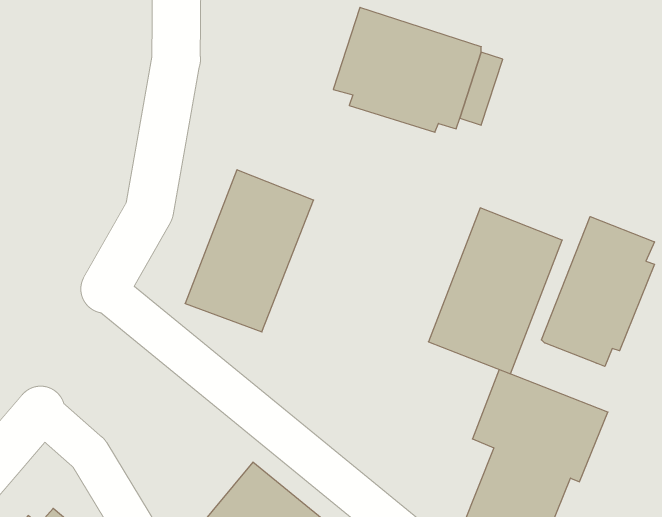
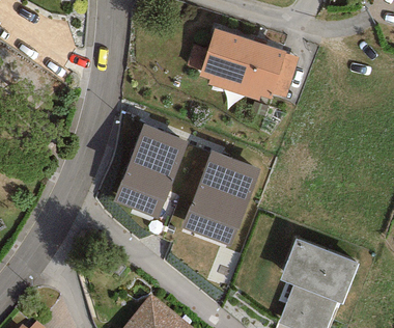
building: [428,208,562,374] -> [181,149,259,246]
building: [541,217,654,366] -> none

